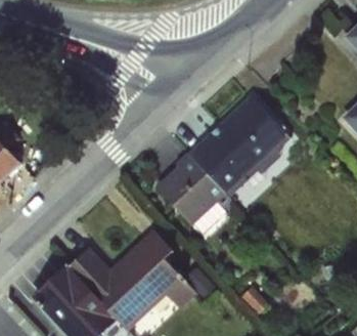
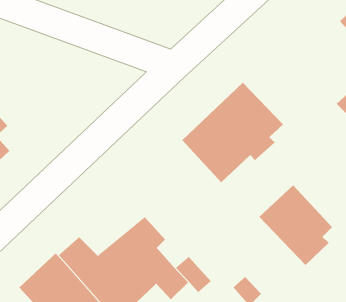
building: [155,154,228,234] -> [259,184,333,266]

